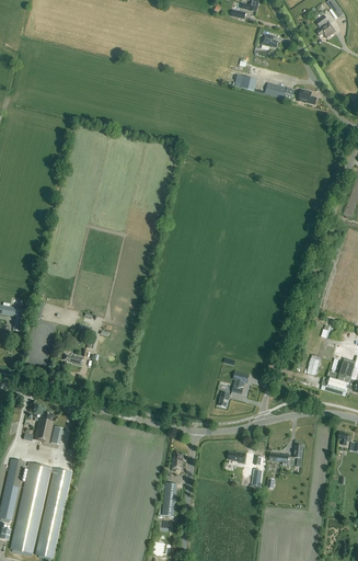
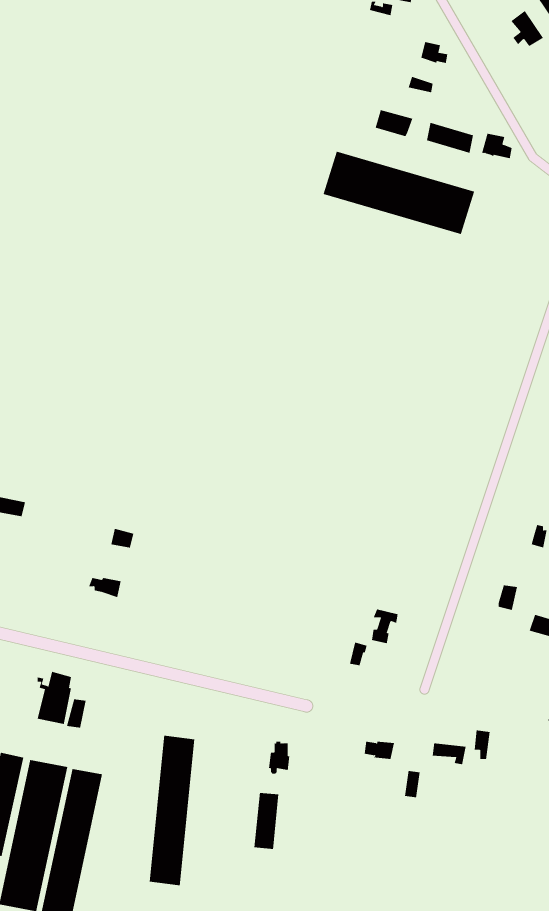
building: none -> [323,151,475,235]
building: none -> [149,735,195,886]

